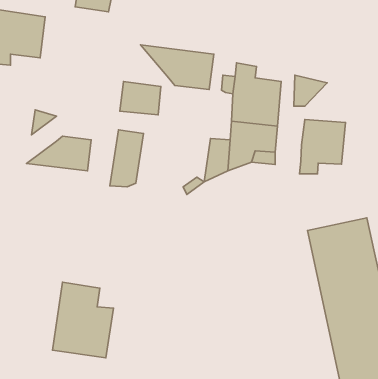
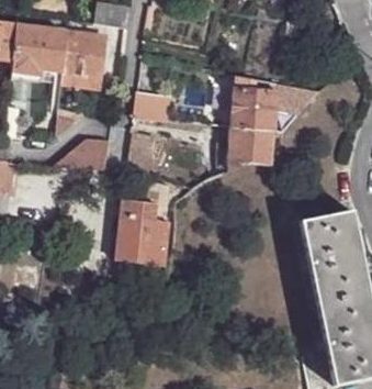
building: none -> [63,33,105,87]
building: [141,45,214,89] -> none
building: [300,119,346,174] -> none
building: [53,282,113,358] -> [115,198,169,265]

